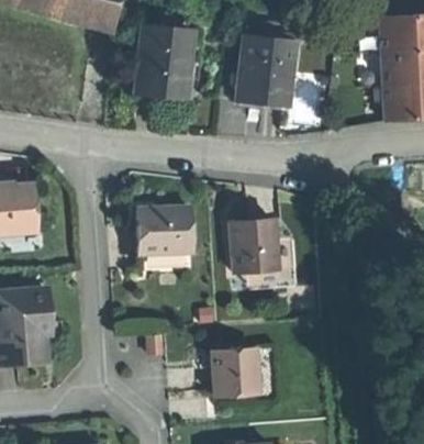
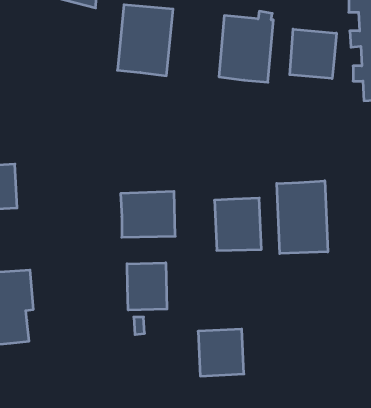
building: none -> [290,29,336,79]
building: none -> [277,181,328,254]
building: none -> [127,263,167,310]

